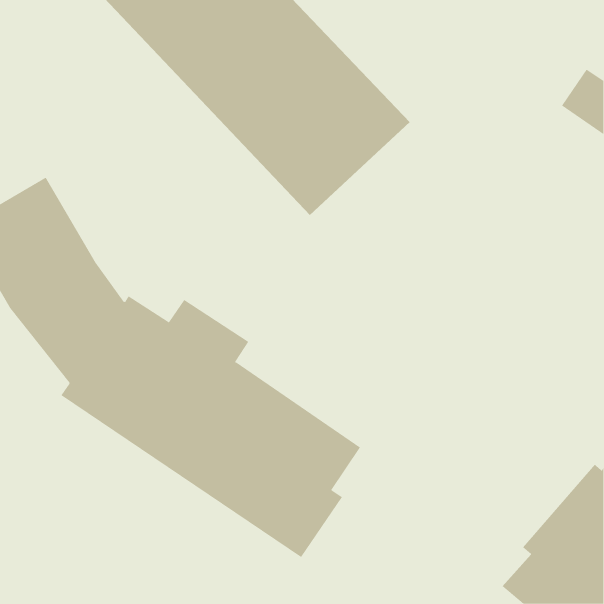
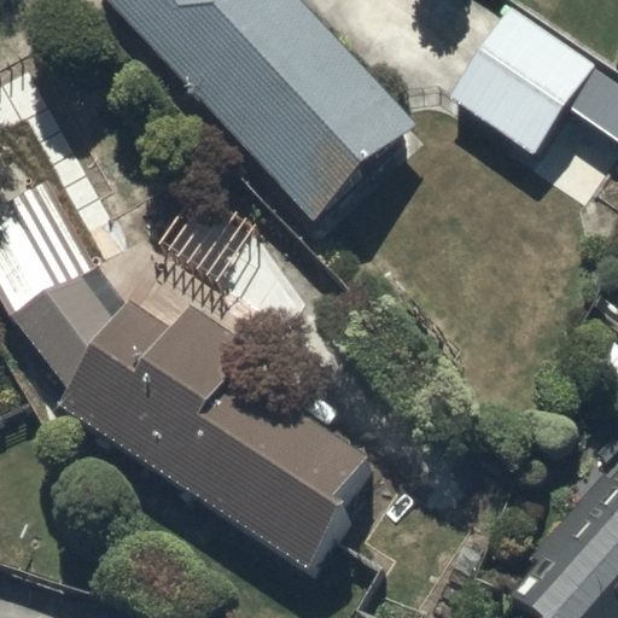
building: none -> [450,7,594,153]

